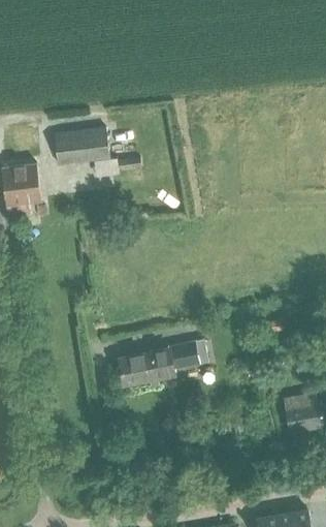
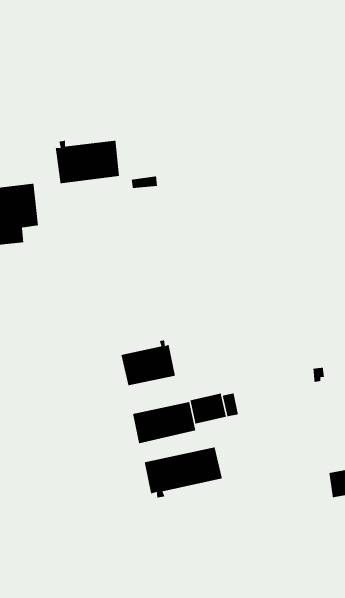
building: none -> [120,340,176,386]
building: none -> [144,447,223,498]

